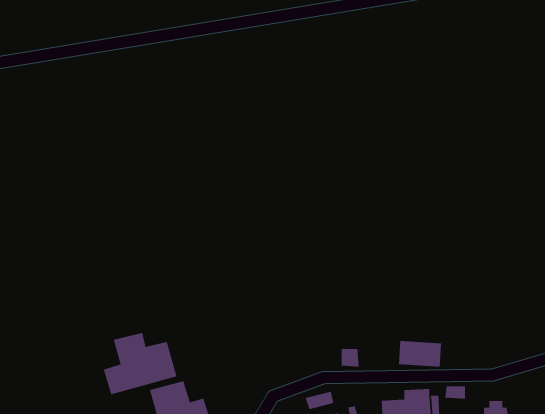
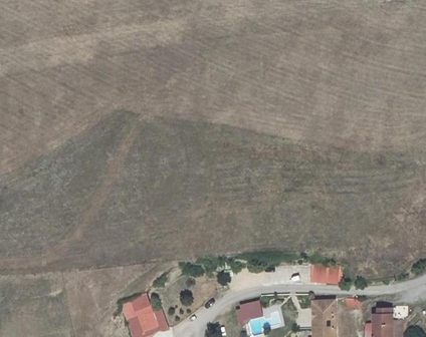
building: [103,332,177,395] -> none

